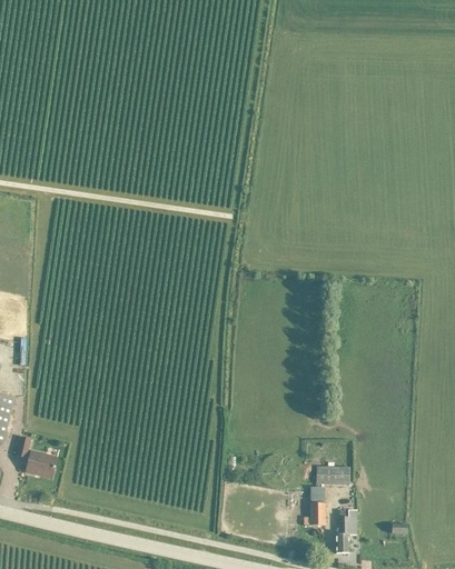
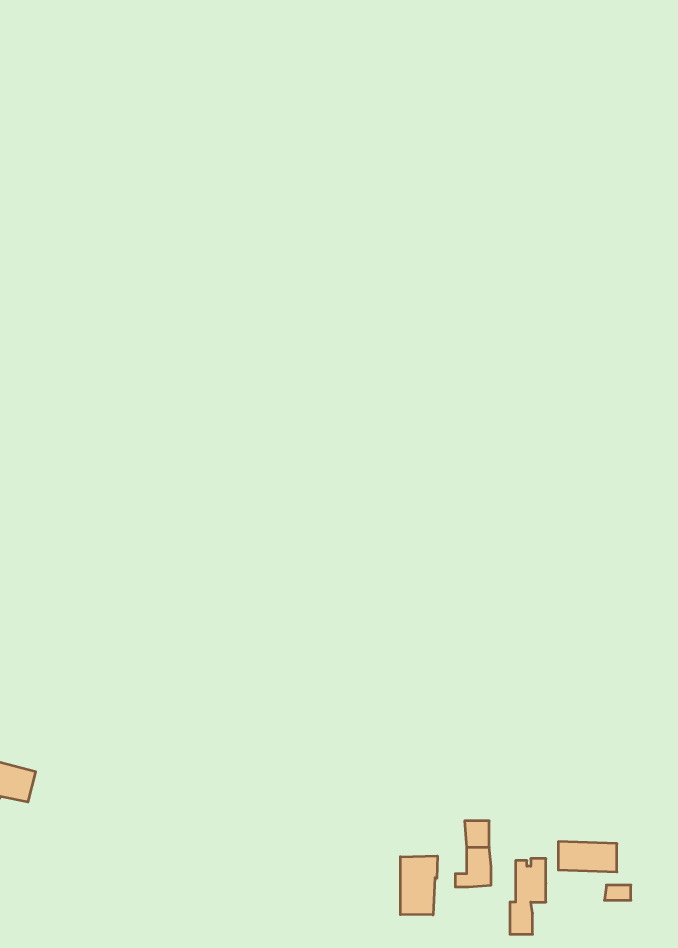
building: [316,466,350,483] -> [558,842,617,872]
building: none -> [400,856,437,915]

